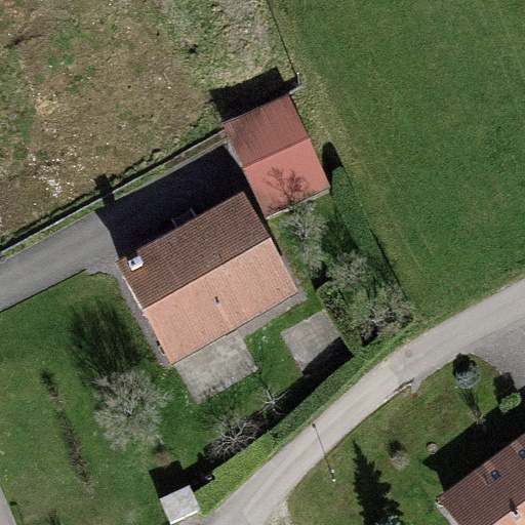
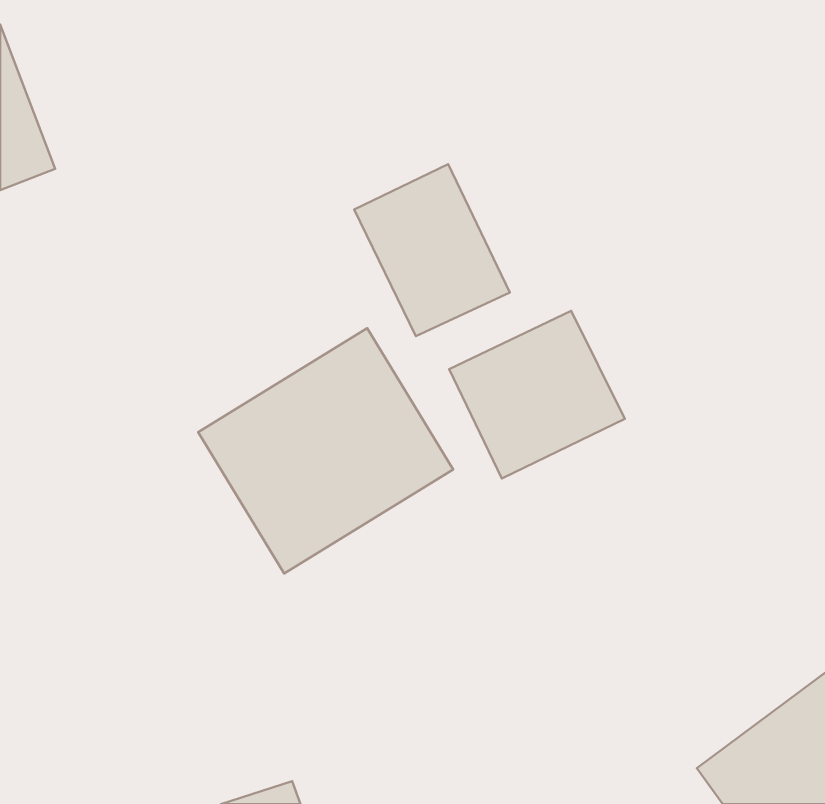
building: none -> [449,311,625,479]

